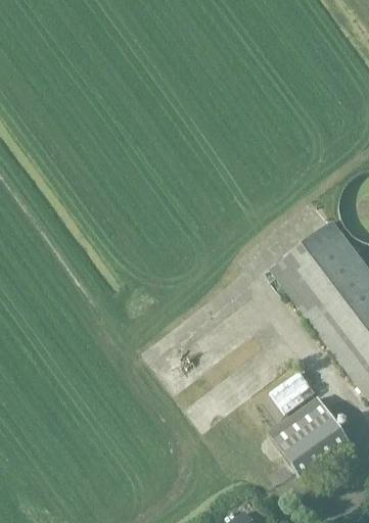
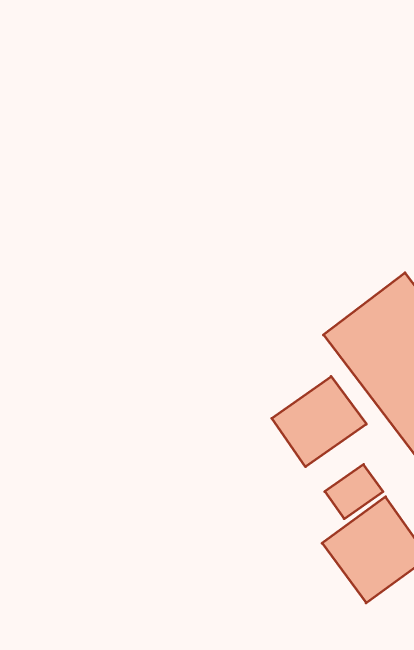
building: none -> [272,376,366,467]

